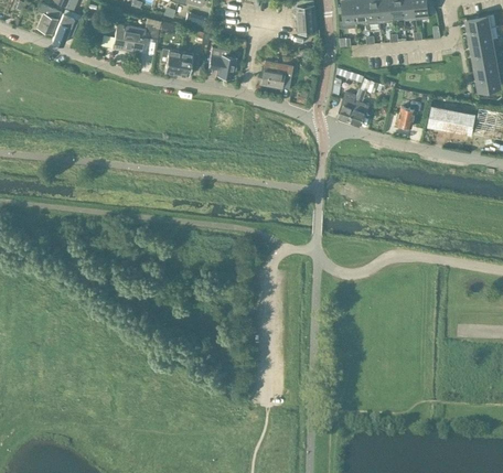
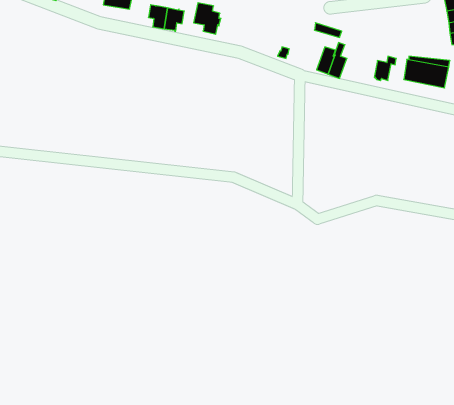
building: [259,60,293,88] -> none

